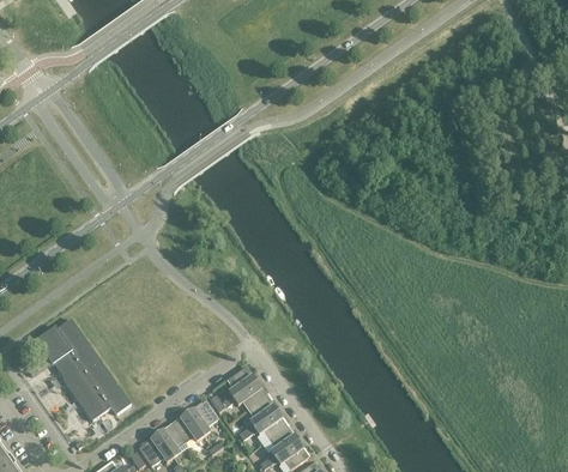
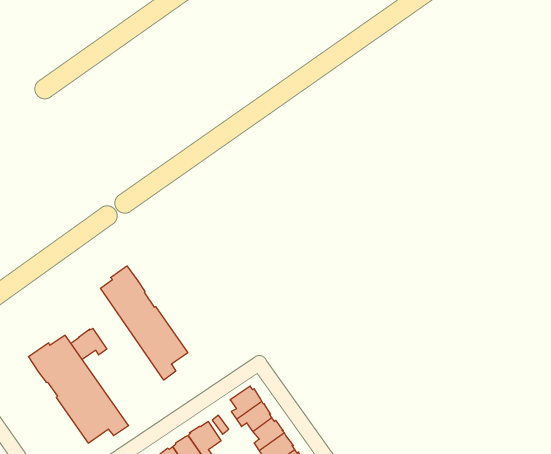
building: none -> [101,266,188,380]
building: none -> [71,328,107,359]

